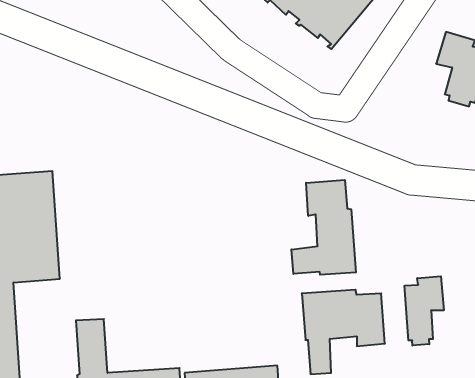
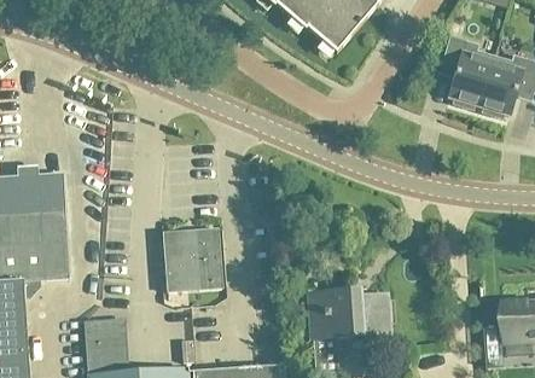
building: [291,180,356,275] -> none
building: none -> [163,228,222,292]
building: [405,276,444,346] -> none

